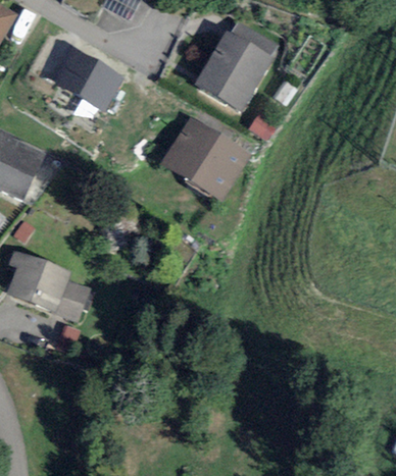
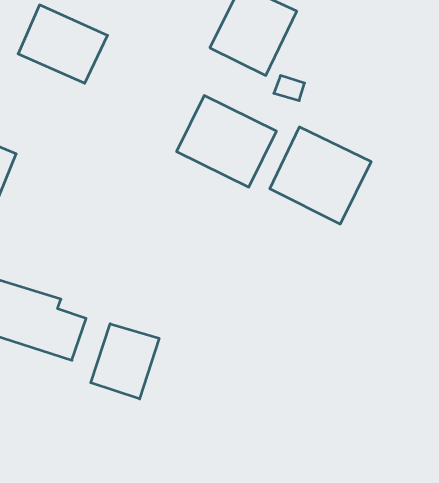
building: none -> [270,127,371,224]
building: none -> [91,324,159,399]

